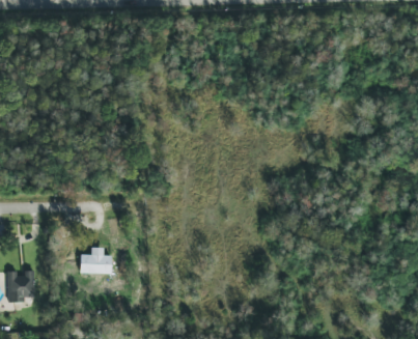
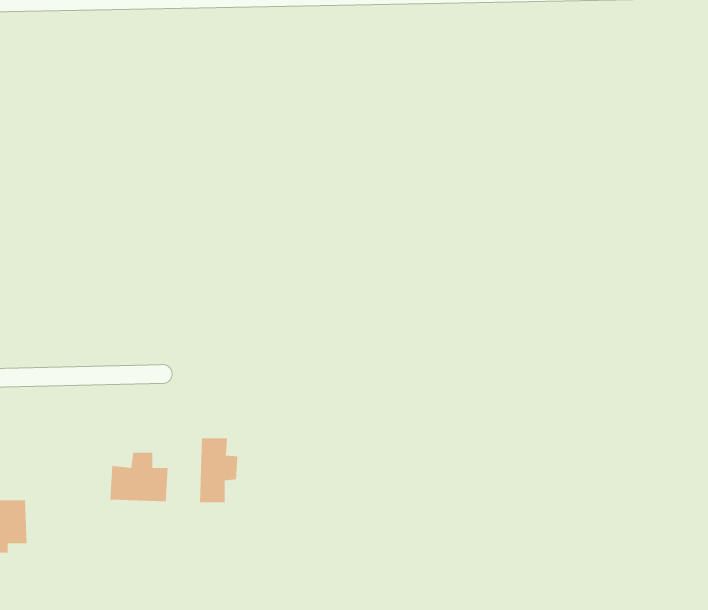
building: none -> [199,437,238,503]

